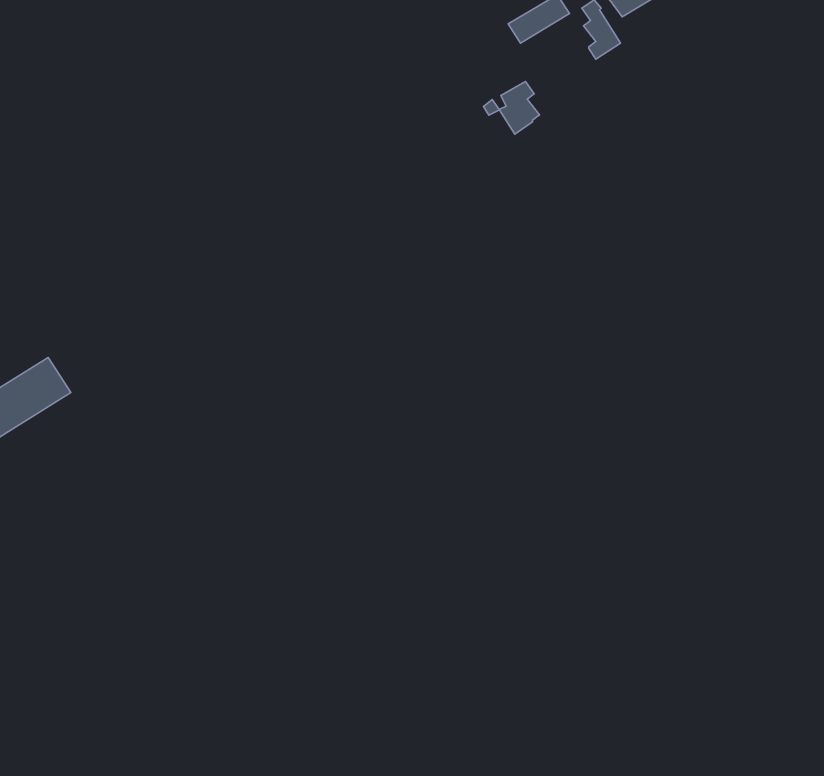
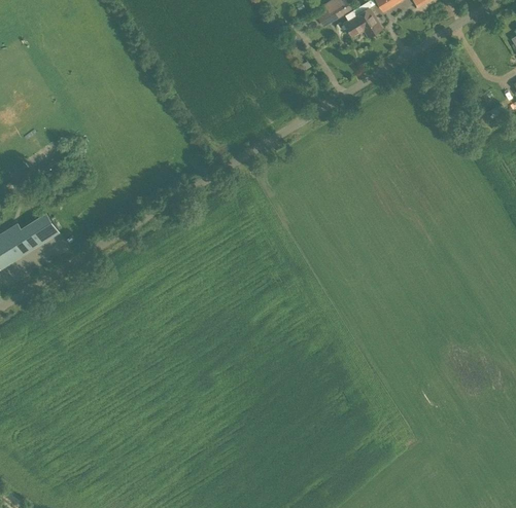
building: [499,81,540,134] -> [344,7,368,38]

